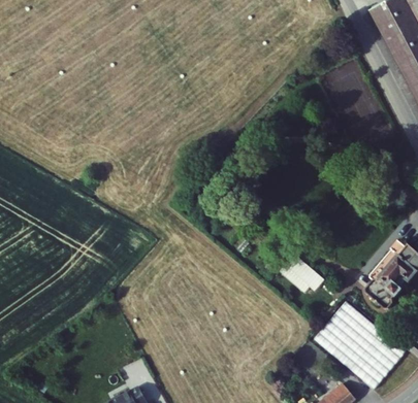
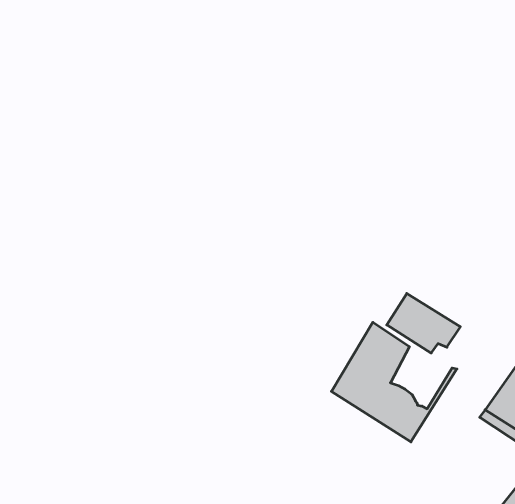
building: none -> [331,322,457,442]

